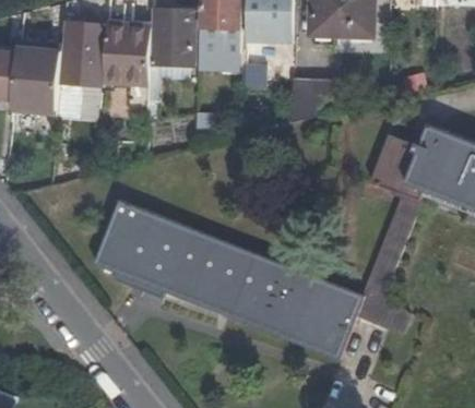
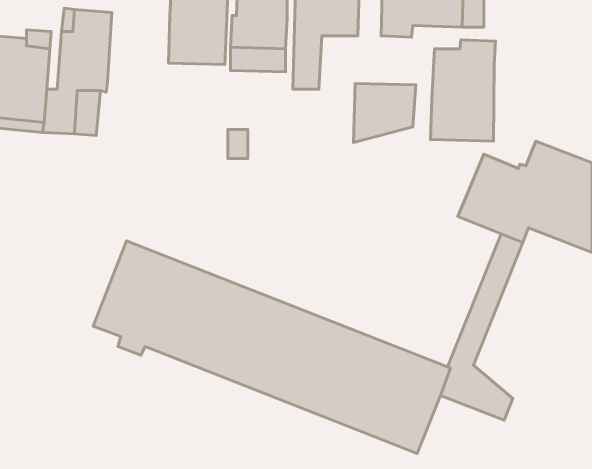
building: [105,26,152,107] -> none
building: none -> [431,40,495,141]

